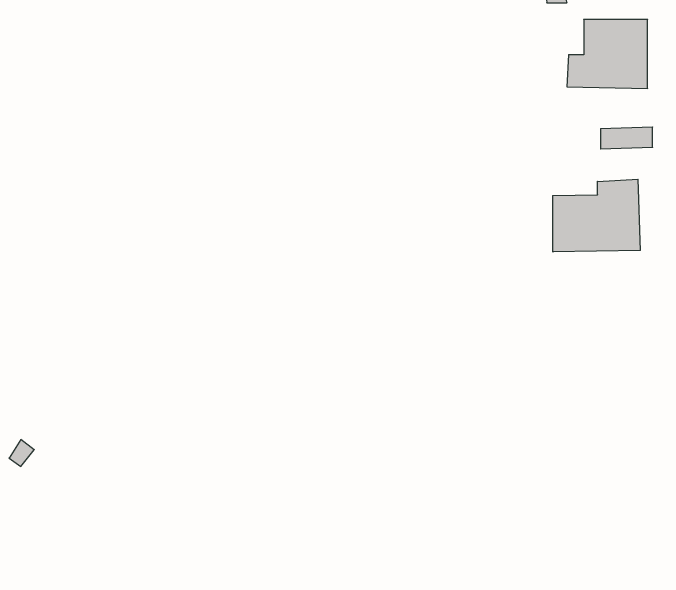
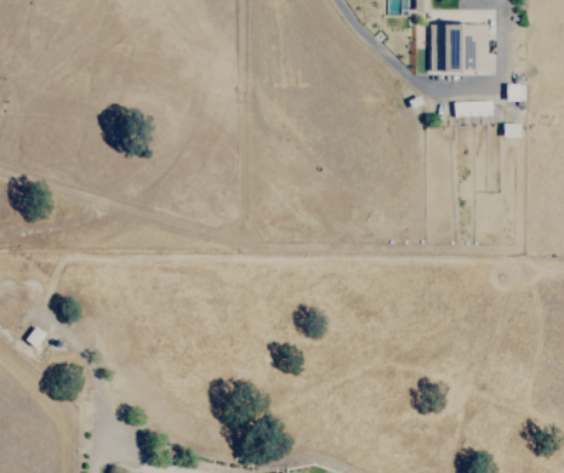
building: [553,179,640,252] -> none

